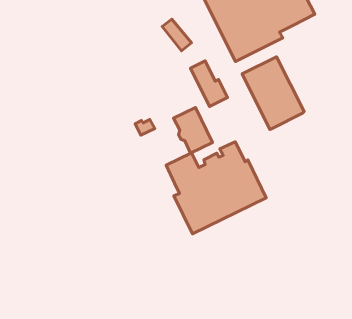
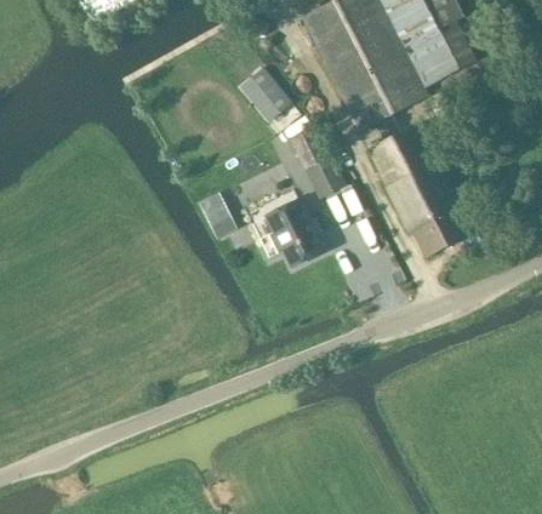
building: none -> [411,207,469,257]
building: [166,142,266,234] -> none

